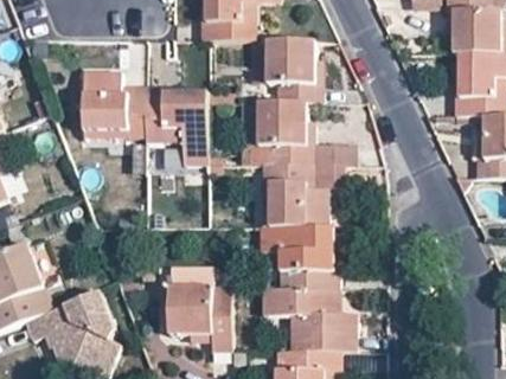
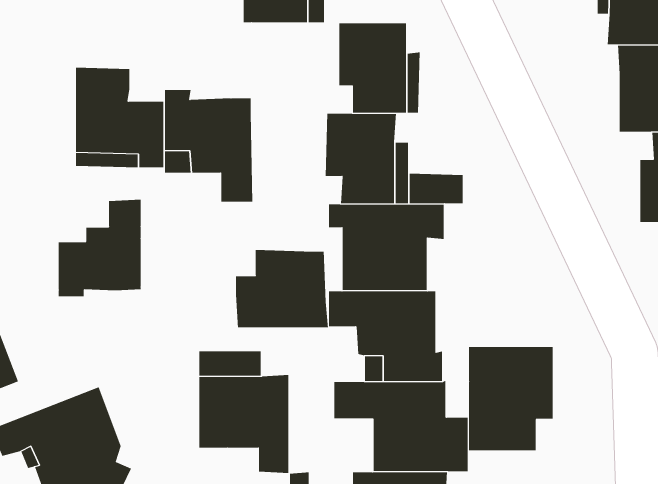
building: none -> [58,199,141,297]
building: none -> [235,249,328,328]
building: none -> [469,346,553,451]

